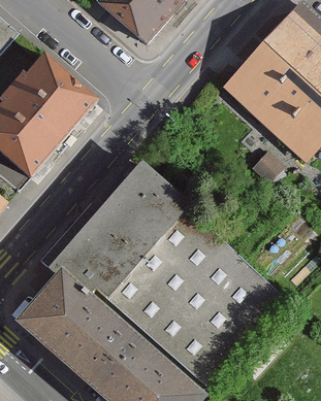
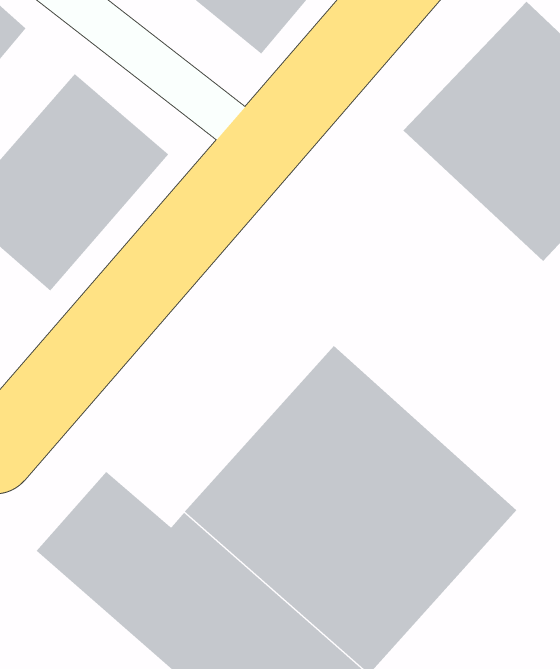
building: [49,166,187,308] -> none

